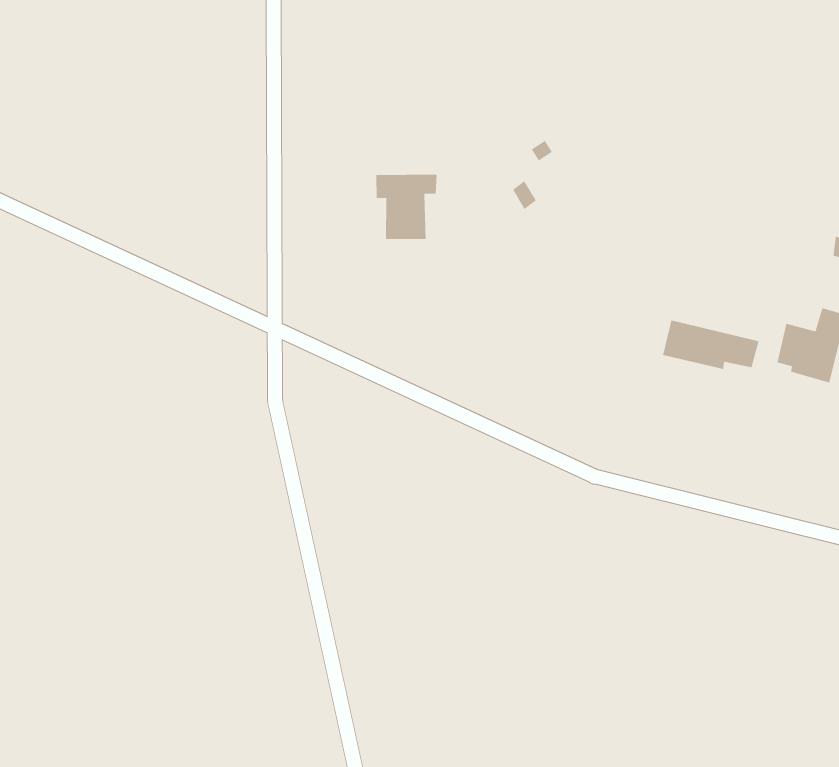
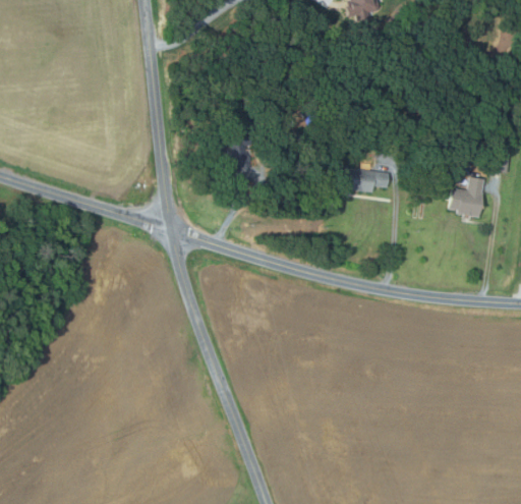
building: [662,319,760,370] -> [338,167,390,190]

